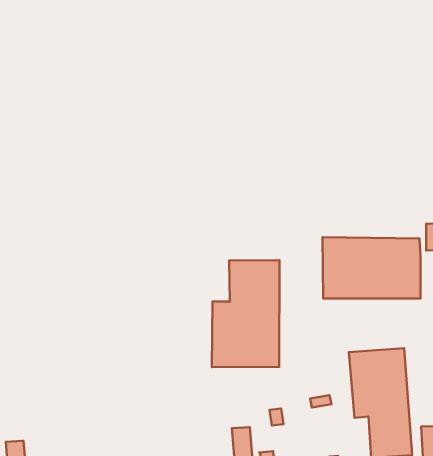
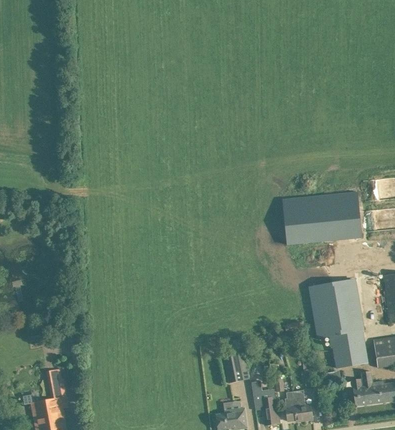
building: [212,260,279,367] -> none

